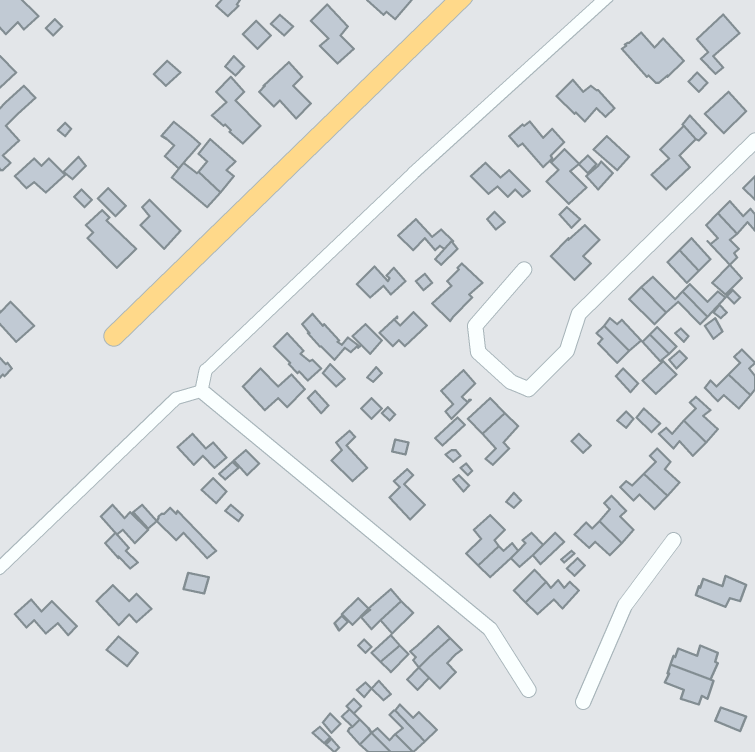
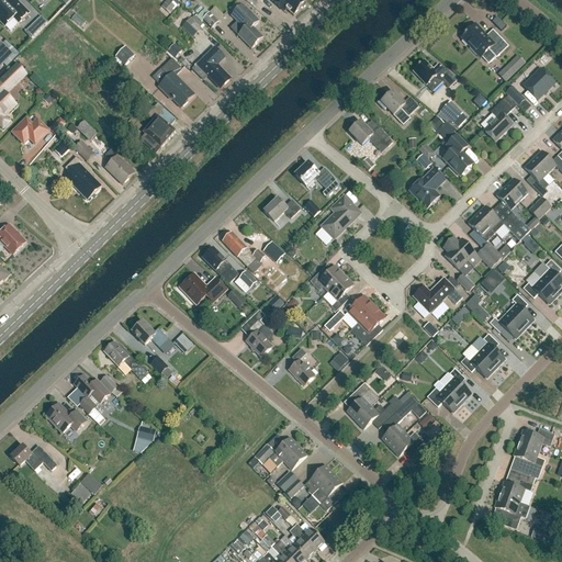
building: [697,15,739,74] -> none
building: [161,122,200,168] -> none
building: [547,149,587,204] -> [442,134,472,175]
building: [380,312,427,346] -> [308,265,344,290]
building: none -> [413,278,461,312]
building: [157,508,216,558] -> [104,341,148,379]
building: [97,585,151,625] -> [46,403,87,432]
building: none -> [513,441,544,472]

